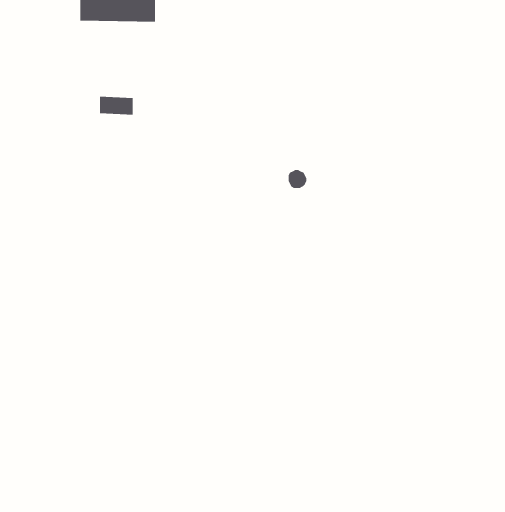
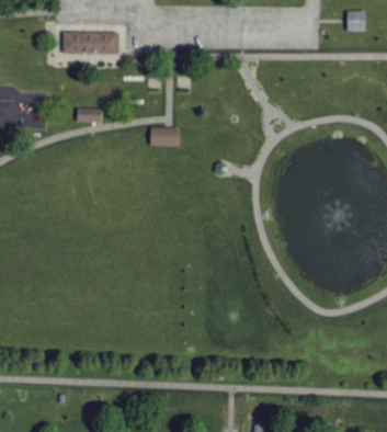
building: none -> [150,126,178,145]

